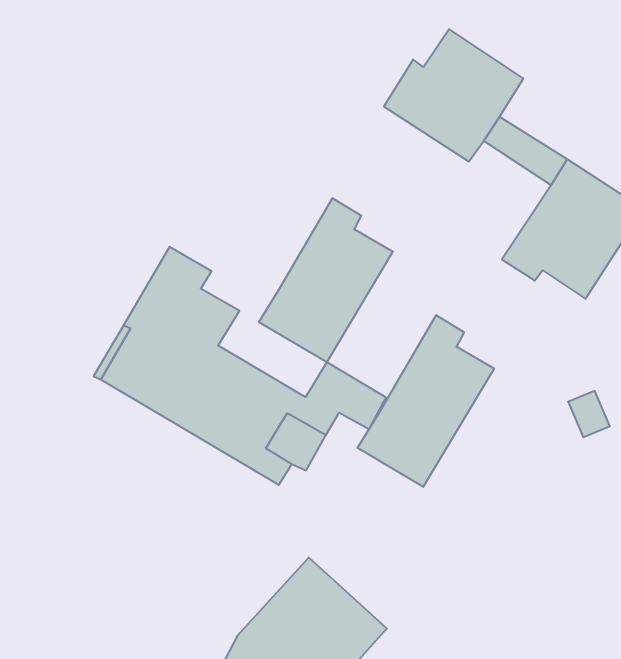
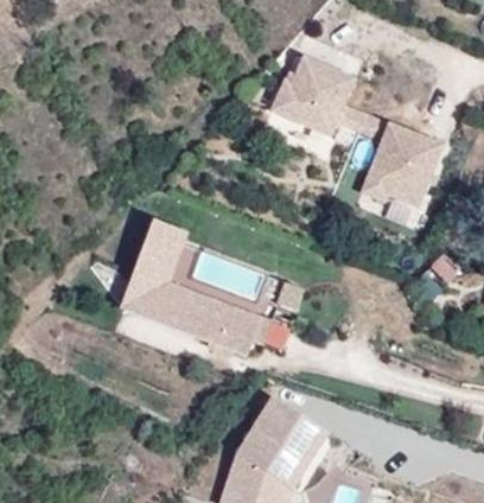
building: [259,198,393,362] -> none
building: [358,315,494,487] -> none

